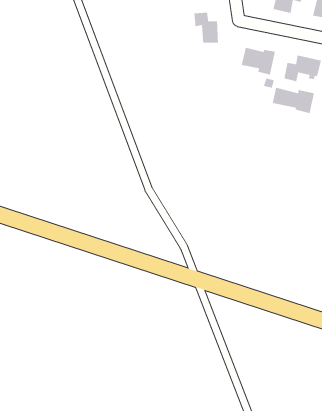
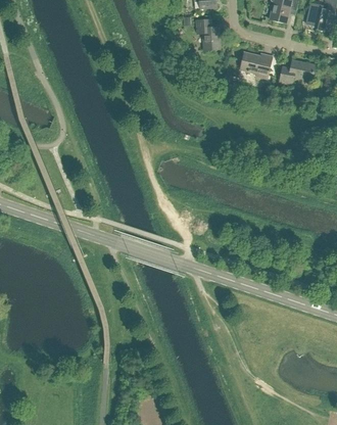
building: [272,87,315,114] -> none

